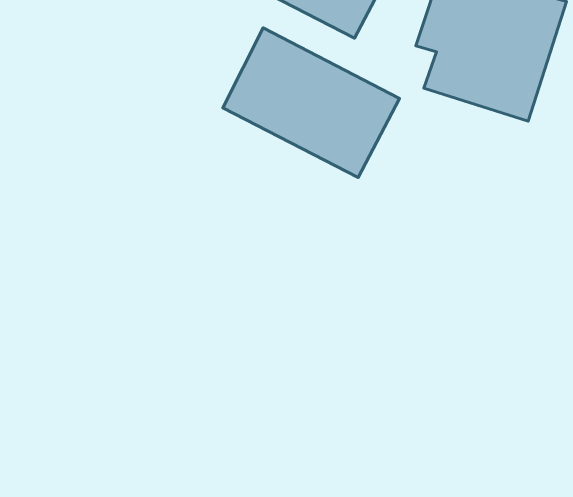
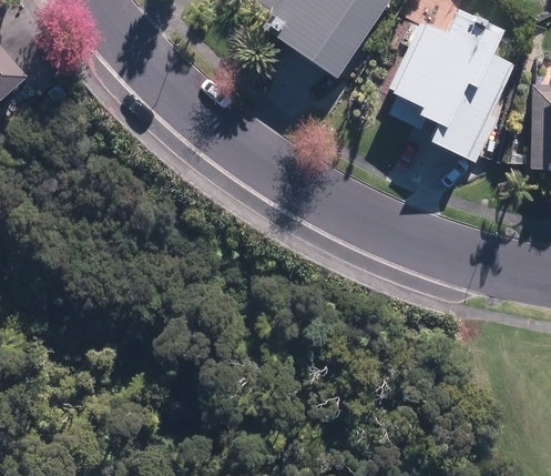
building: [223,28,399,177] -> none

